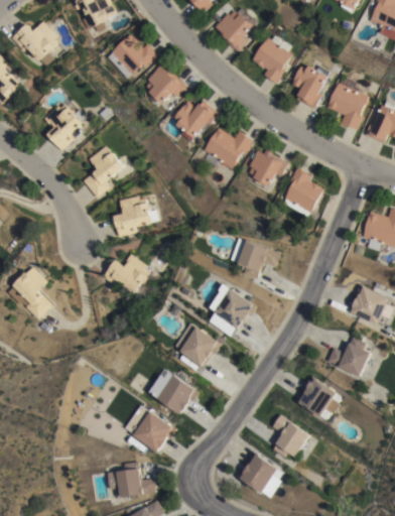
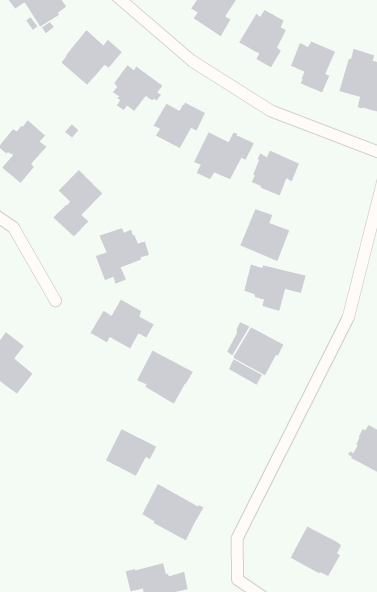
building: [280,167,322,213] -> [239,208,290,262]
building: [174,322,222,369] -> [136,350,194,404]
building: [156,375,200,415] -> [105,428,157,477]
building: [272,415,310,459] -> none

